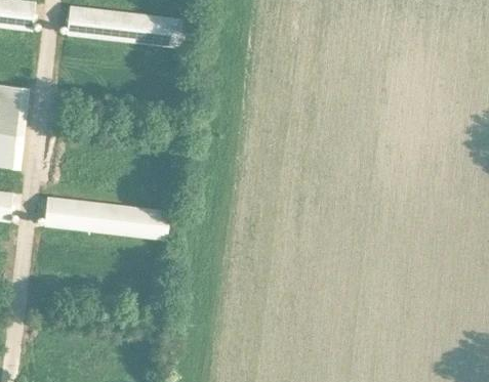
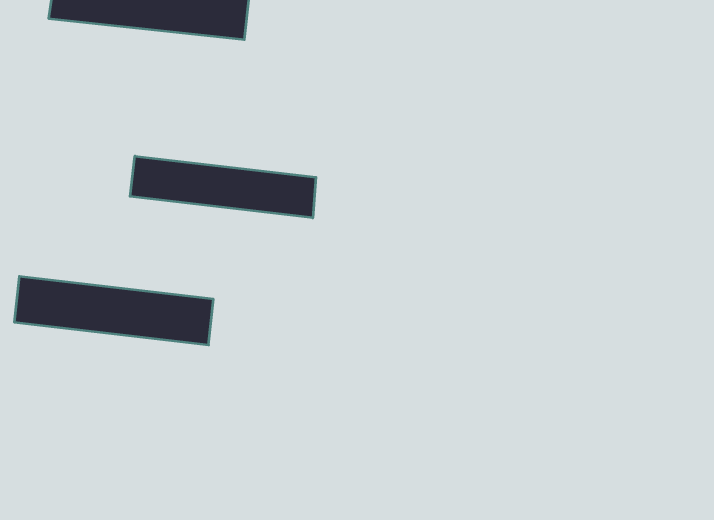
building: none -> [130,156,316,218]

